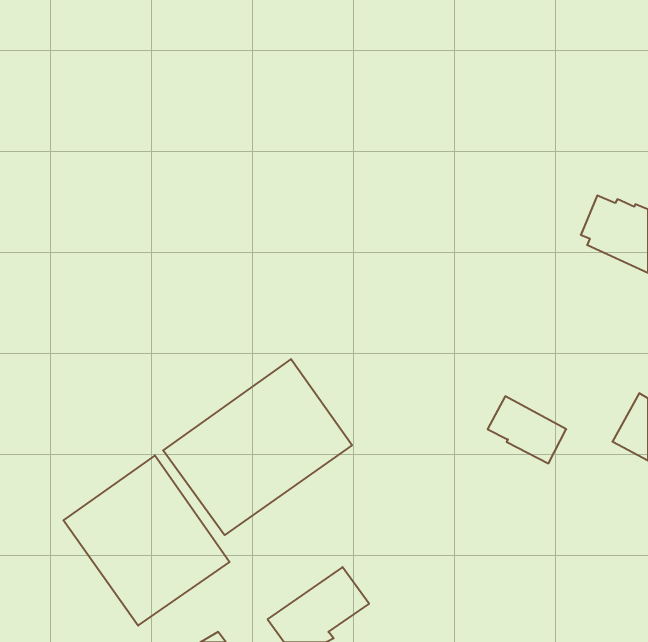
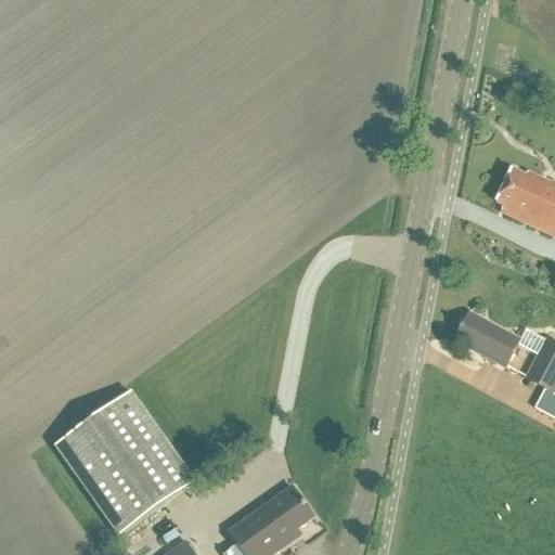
building: [163,359,352,535] -> none
building: [488,396,566,463] -> [455,309,522,366]

